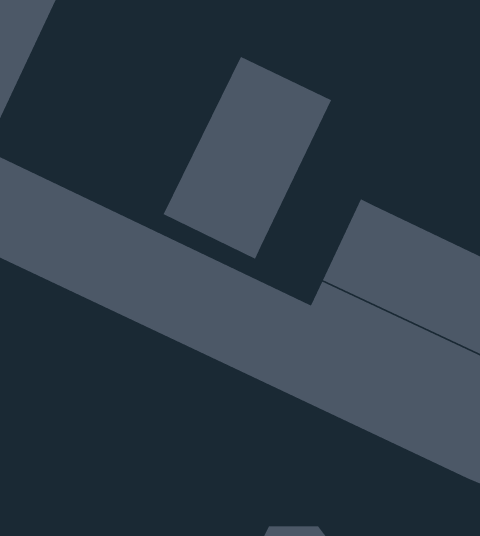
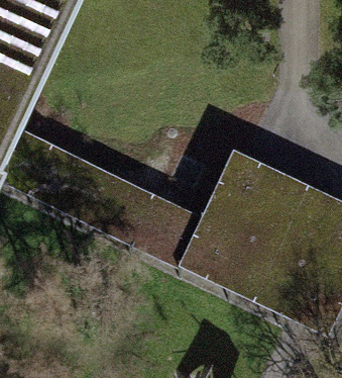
building: [163,56,332,260] -> none

